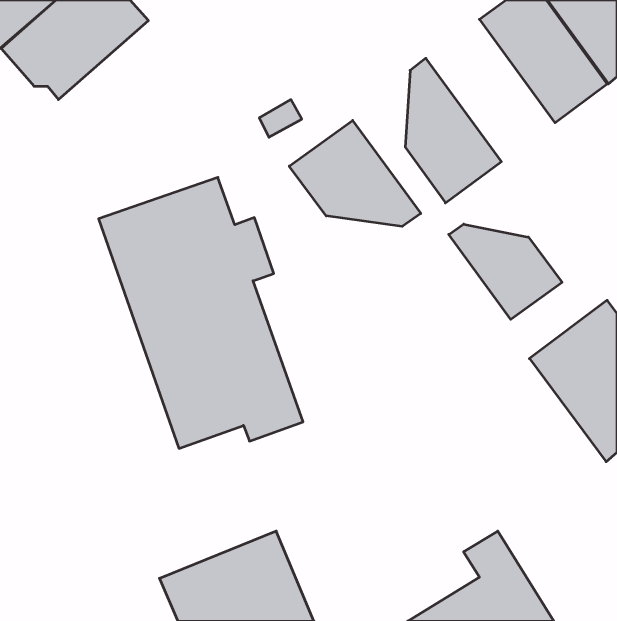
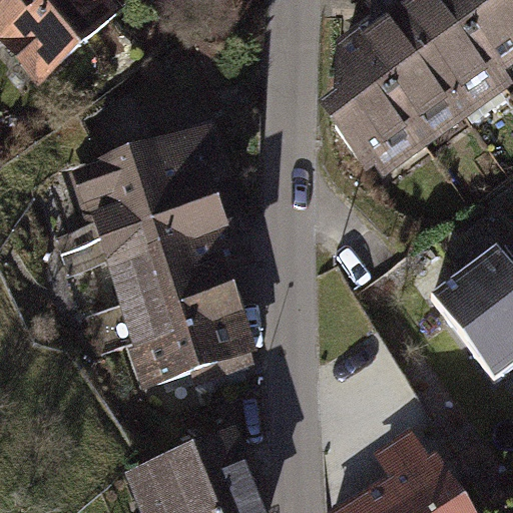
building: none -> [351,16,456,132]
building: [289,120,421,226] -> none
building: [449,224,562,319] -> none

